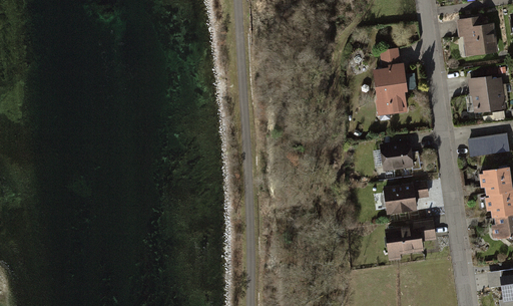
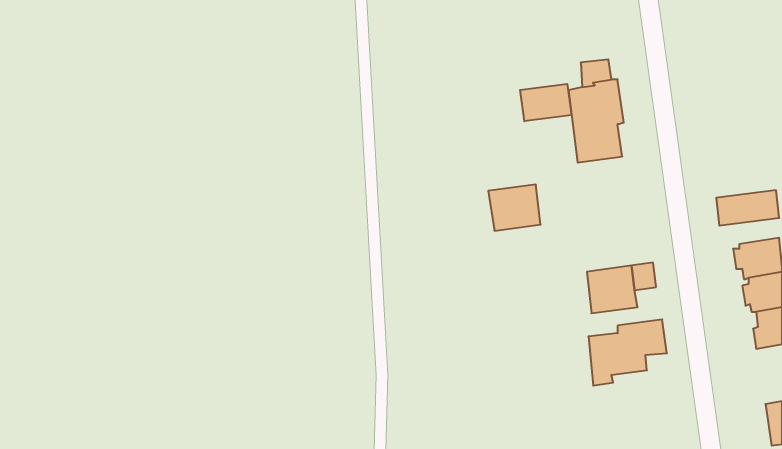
building: [456,17,497,57] -> none
building: none -> [520,84,572,121]
building: [467,75,506,113] -> none
building: [379,141,413,172] -> [488,185,541,231]

